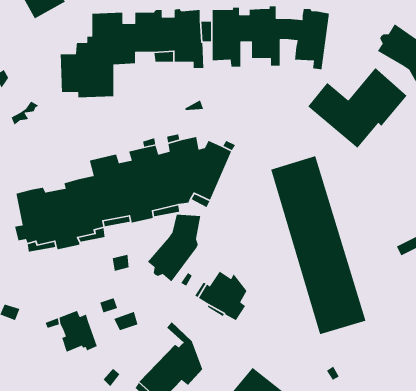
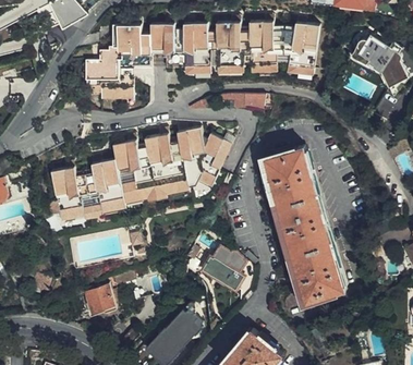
building: [307,67,408,149] -> none
building: none -> [220,94,266,109]
building: [147,214,201,283] -> none

